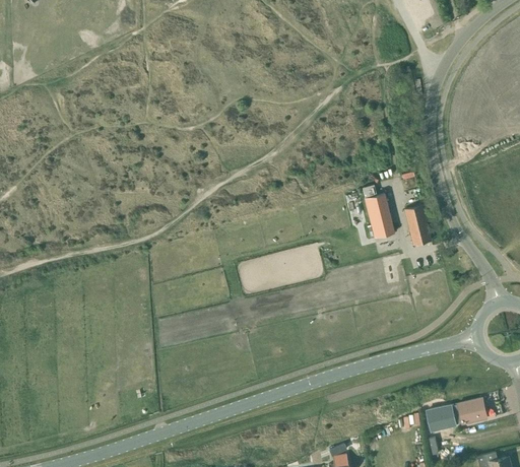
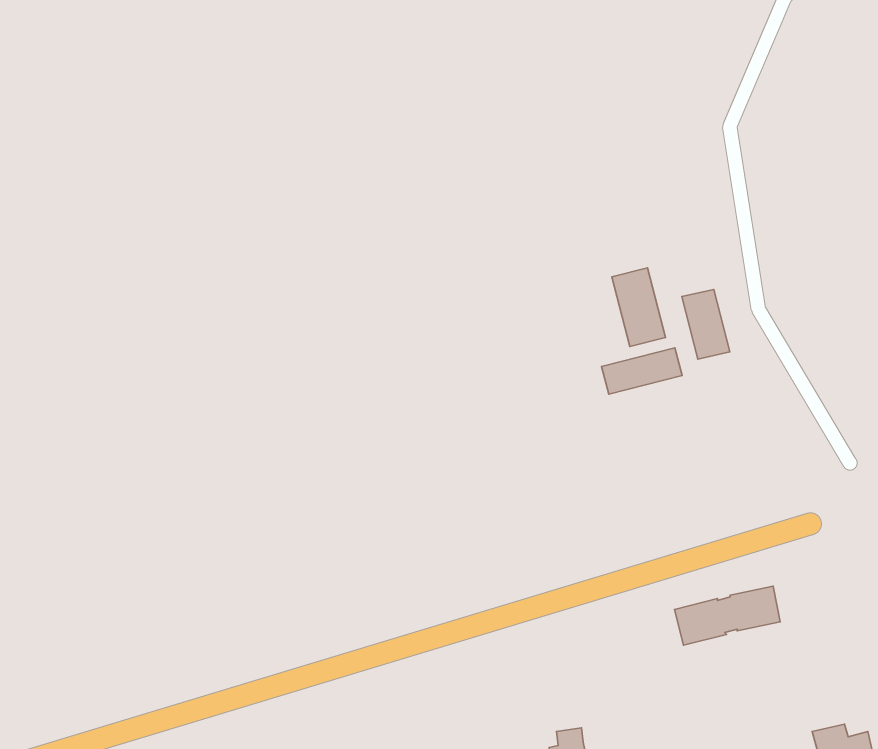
building: none -> [602,348,682,394]
building: [427,398,486,431] -> [675,586,780,645]

